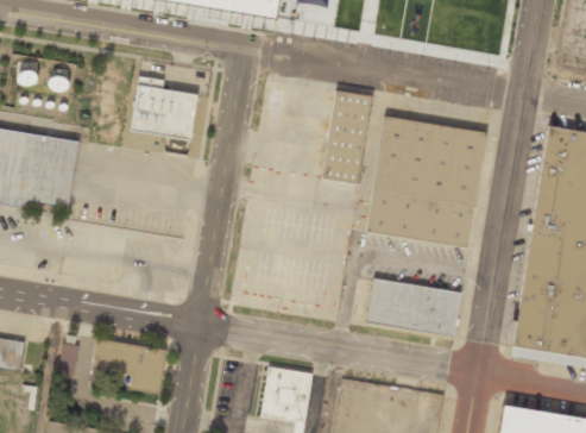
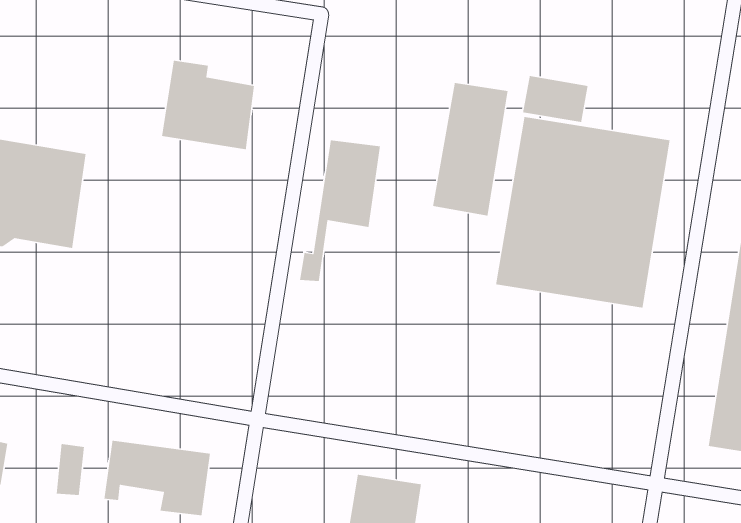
building: none -> [299,139,381,282]
building: [366,277,462,337] -> none

